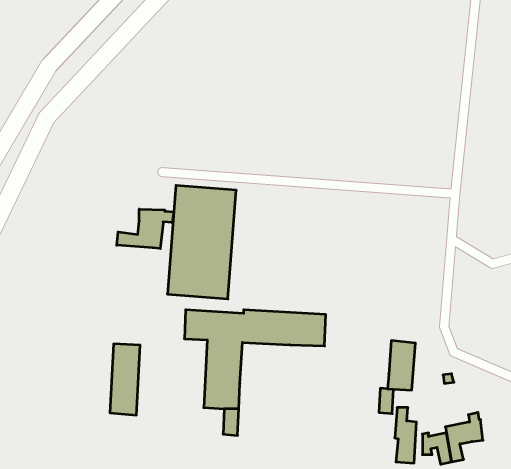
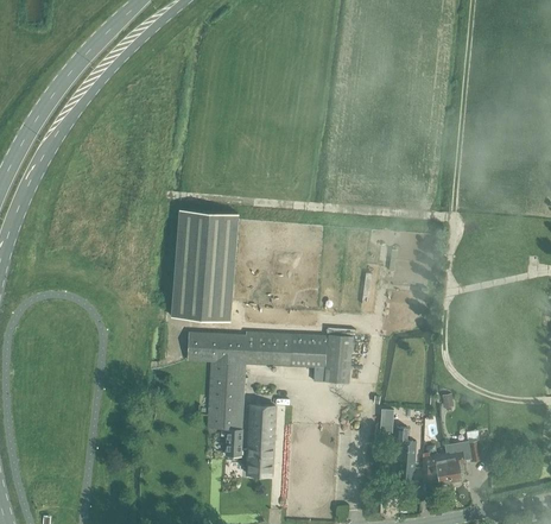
building: [117,209,174,249] -> none
building: [388,341,415,390] -> [324,333,352,381]
building: [110,344,140,415] -> [246,404,276,474]

